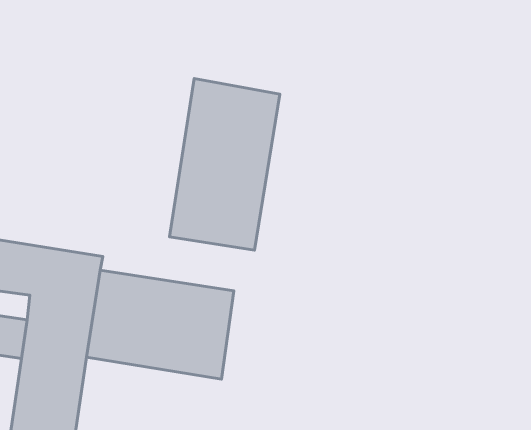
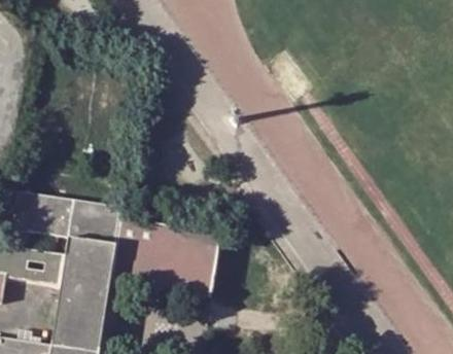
building: [170,79,280,250] -> none

